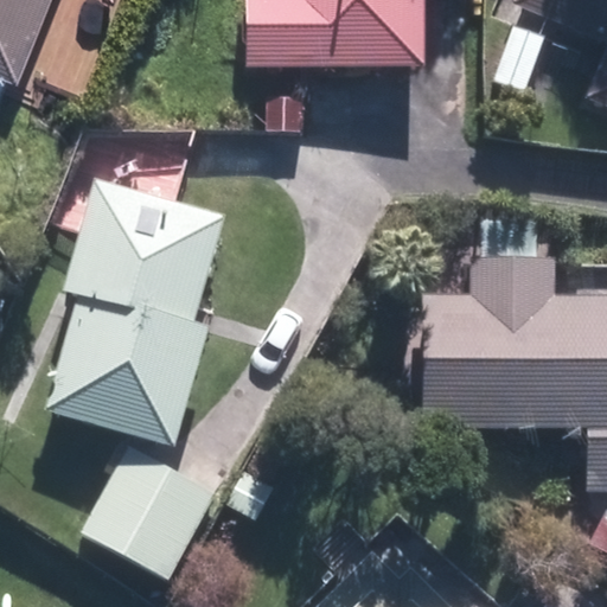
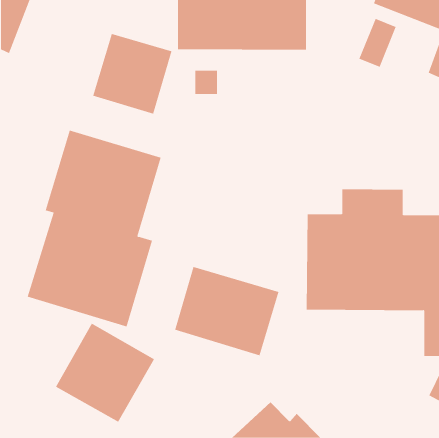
building: none -> [92,33,172,115]
building: none -> [175,266,279,356]

